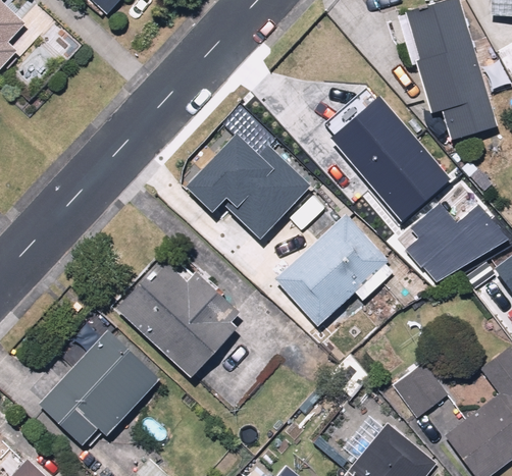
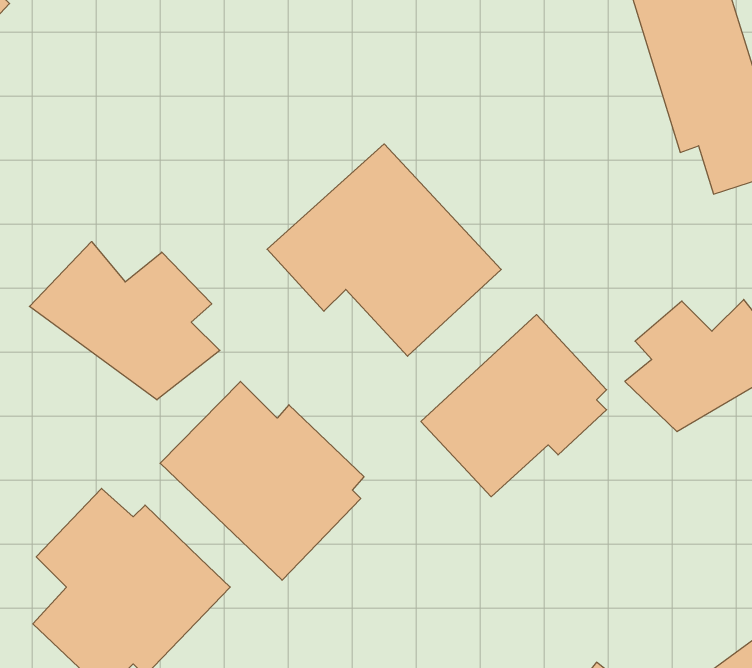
building: [329,95,451,221] -> none
building: none -> [29,242,220,400]
building: [392,363,445,417] -> none

